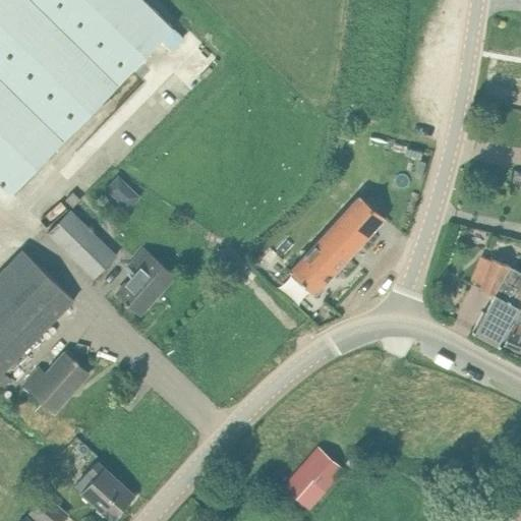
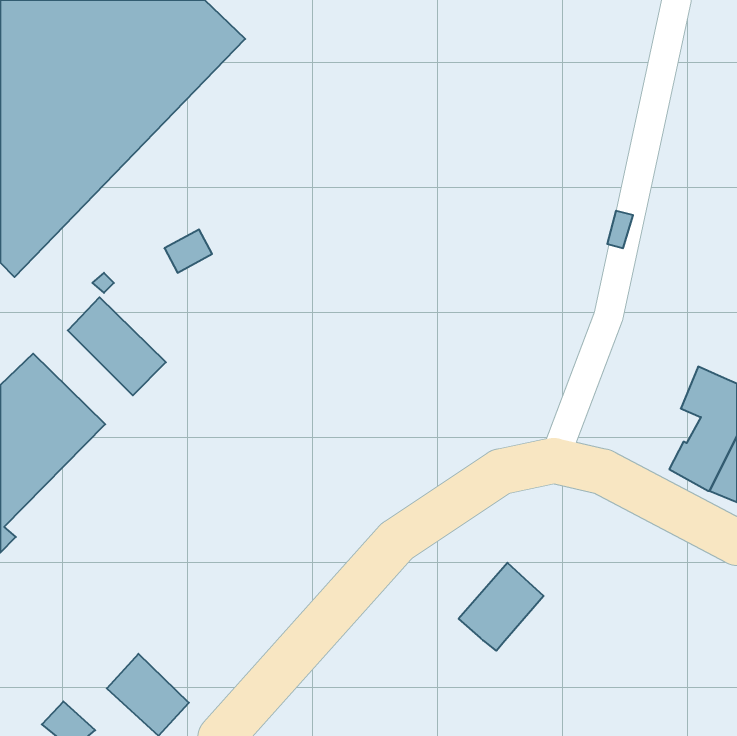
building: [290,194,386,295] -> none
building: [117,250,174,314] -> none
building: [24,353,89,412] -> none
building: [284,447,344,509] -> [459,563,544,651]

